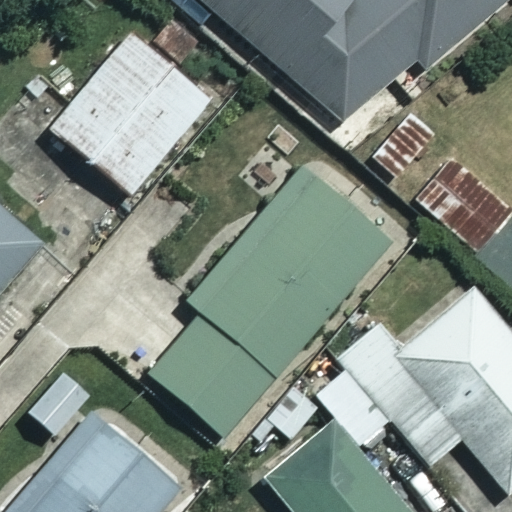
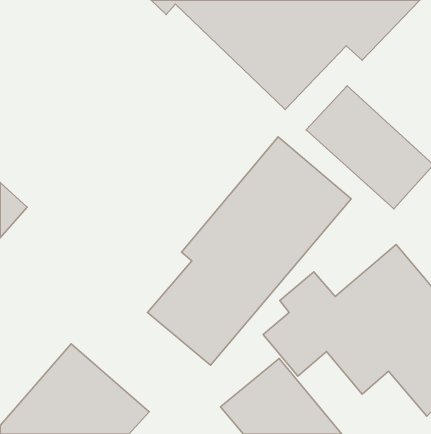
building: [49,31,212,196] -> none

